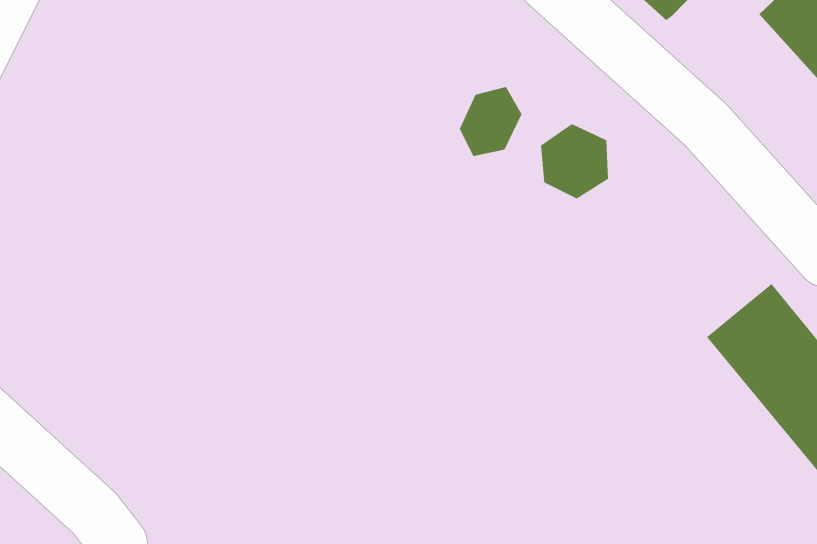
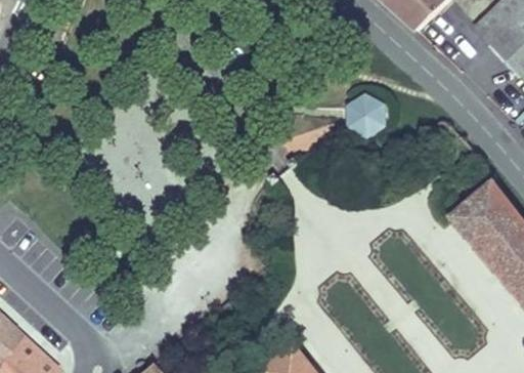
building: [459,86,522,157] -> none

